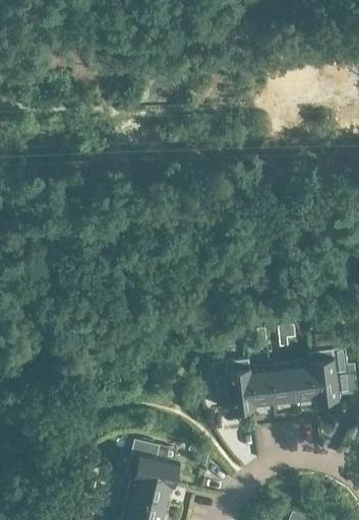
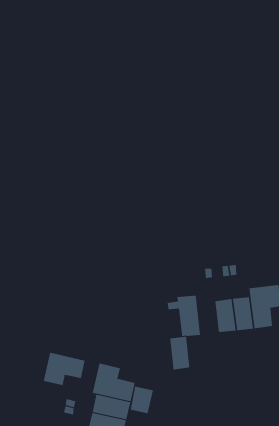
building: [250,361,276,408] -> [168,329,190,370]
building: none -> [43,352,85,386]
building: none -> [130,386,153,414]

